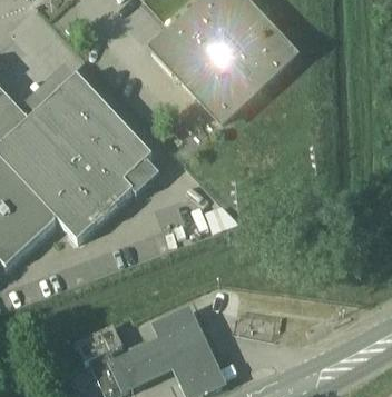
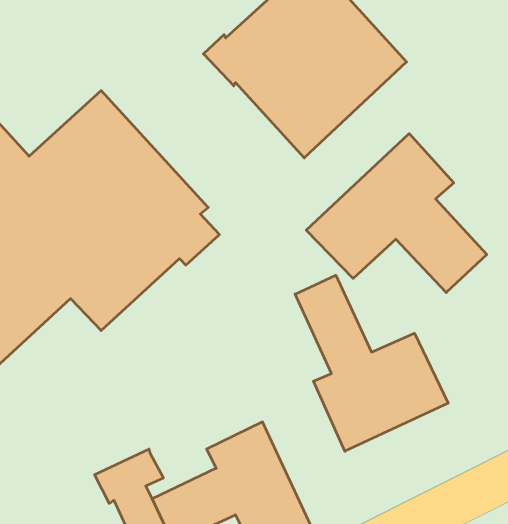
building: none -> [306,134,487,293]
building: none -> [295,275,448,451]

